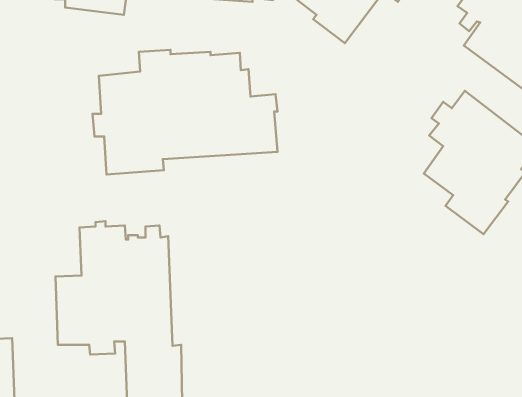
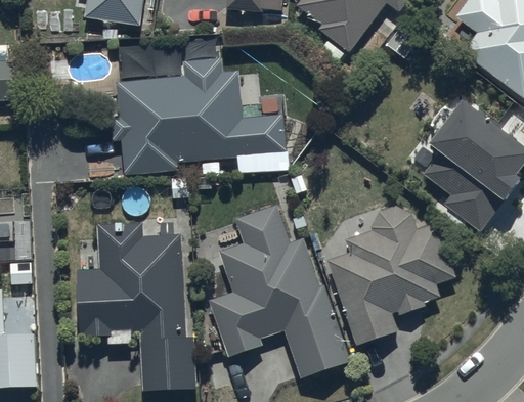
building: none -> [210,206,350,376]
building: none -> [328,207,455,345]

